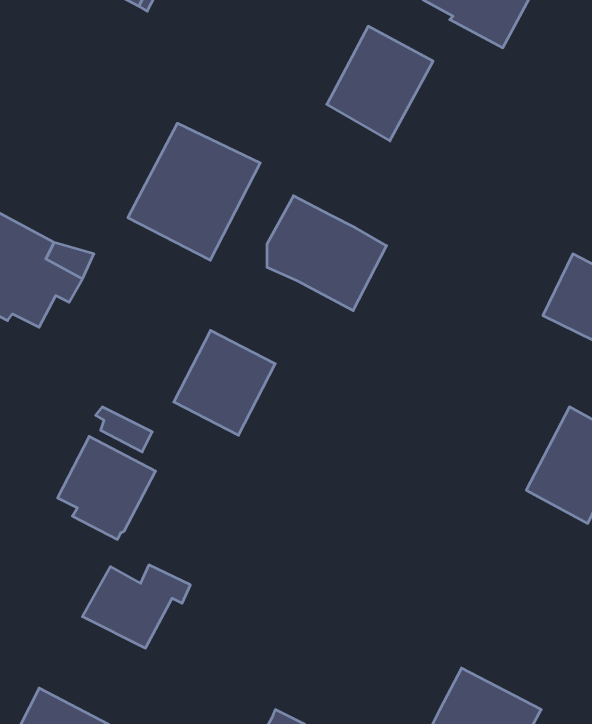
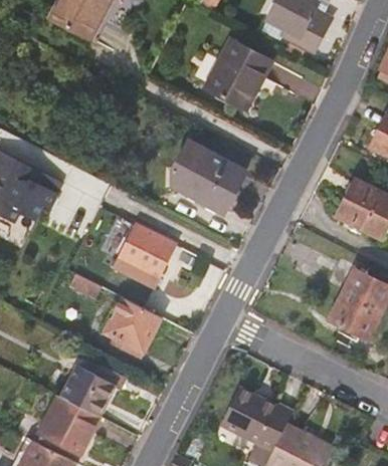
building: [128,123,260,260] -> none
building: [58,436,156,539] -> [102,295,161,358]
building: none -> [222,389,294,453]
building: none -> [36,395,96,453]

